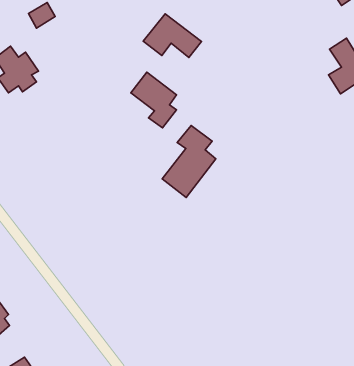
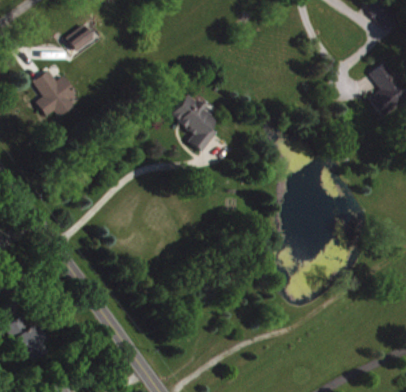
building: [143,14,201,58] -> none
building: [162,126,216,197] -> none

